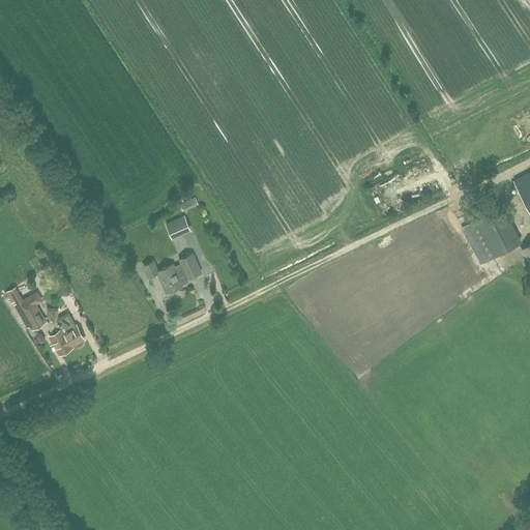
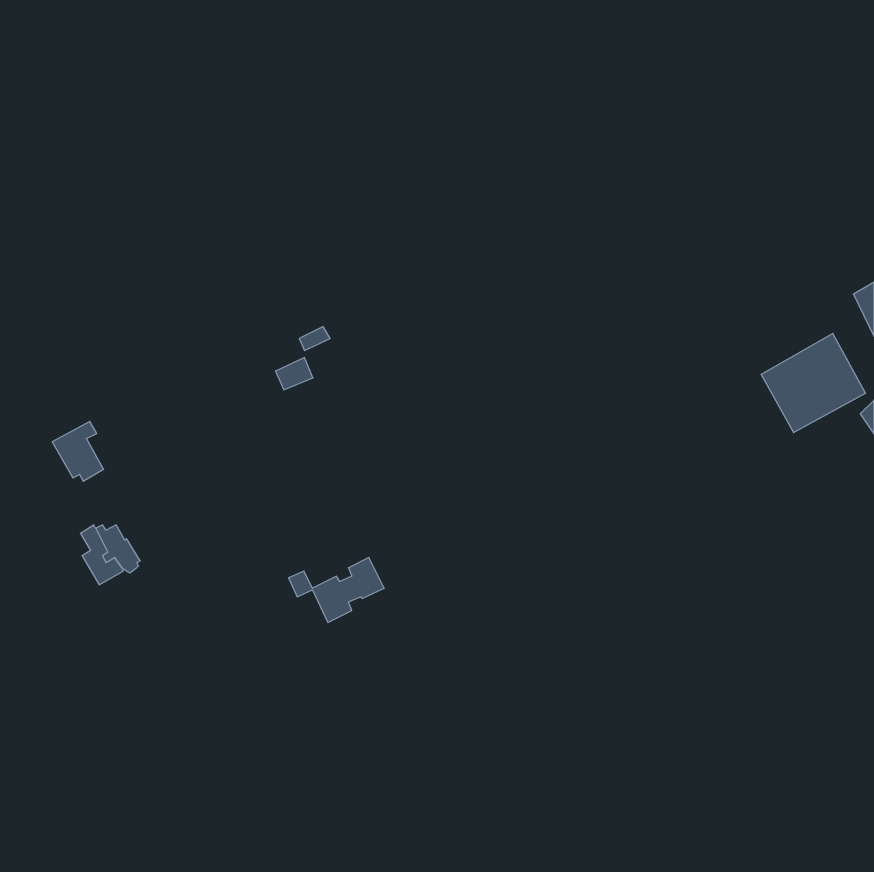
building: [144,255,202,294] -> [289,557,384,622]
building: [14,294,46,330] -> [52,421,104,481]

